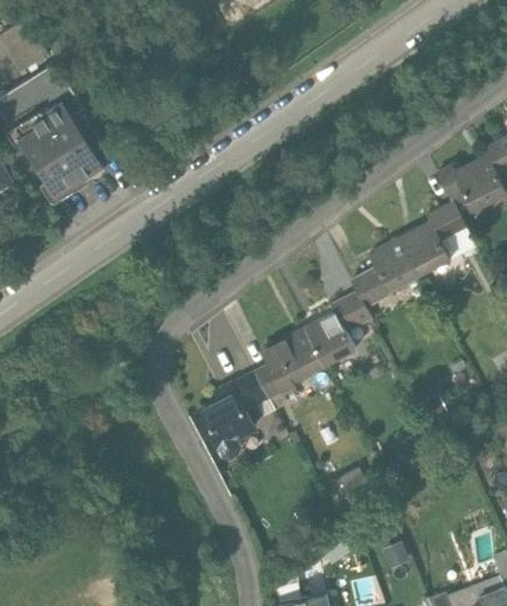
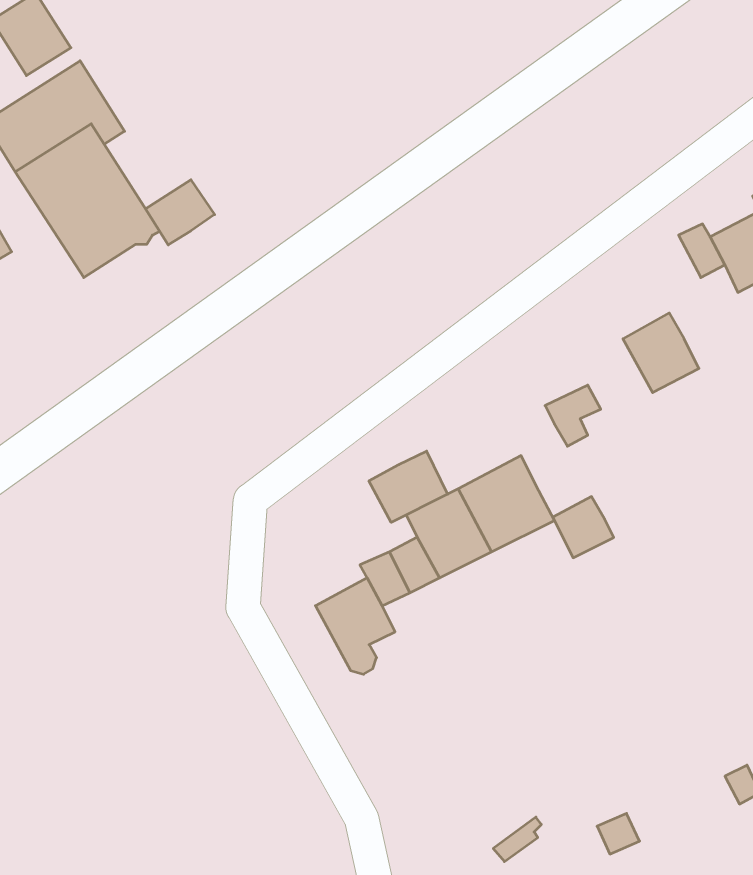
building: none -> [146,180,215,245]
building: [426,204,463,239] -> none
building: [371,239,419,290] -> none
building: [332,294,371,333] -> [553,497,614,558]
building: none -> [369,451,448,522]

